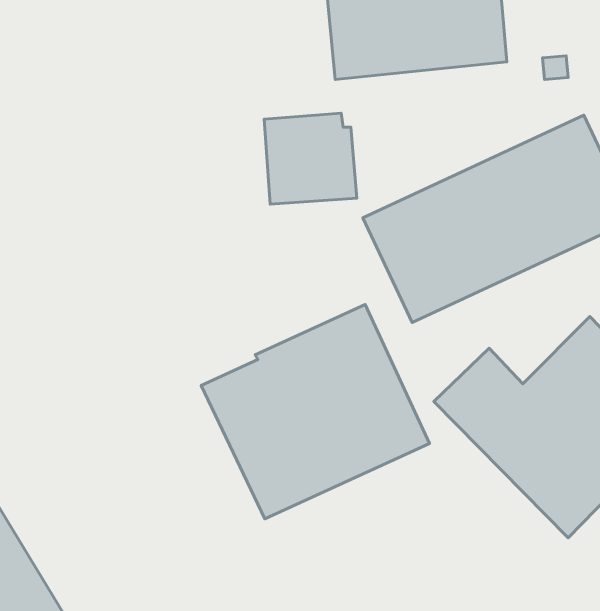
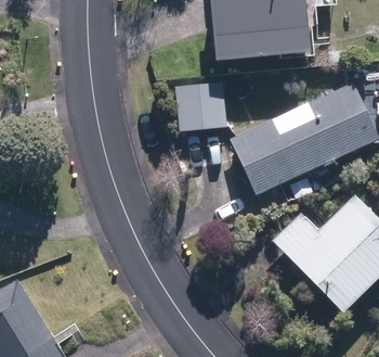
building: [201,304,430,519] -> none

